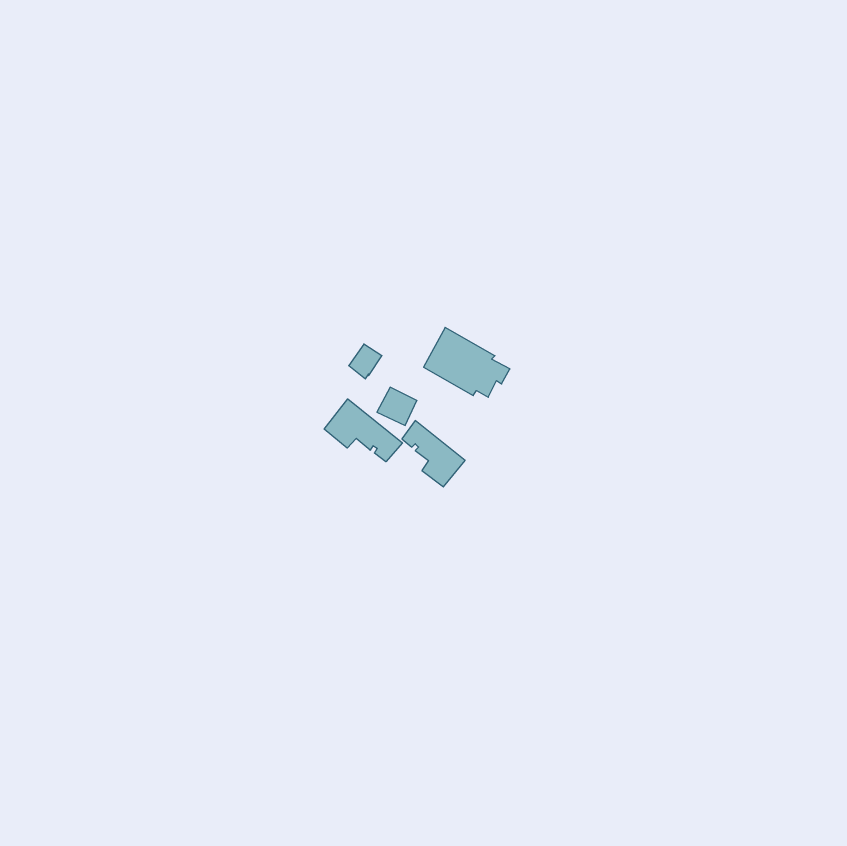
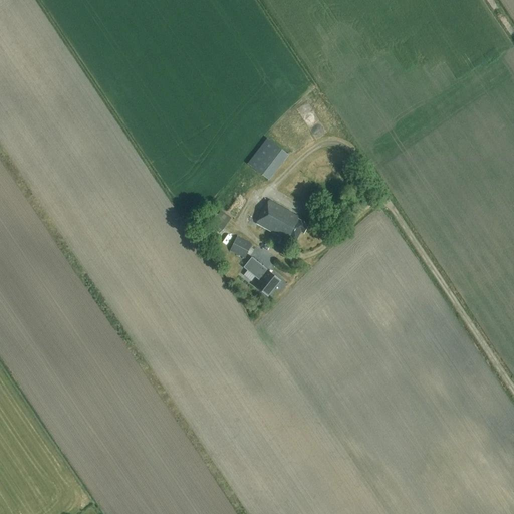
building: none -> [247,137,288,178]
building: [324,399,402,462] -> none

